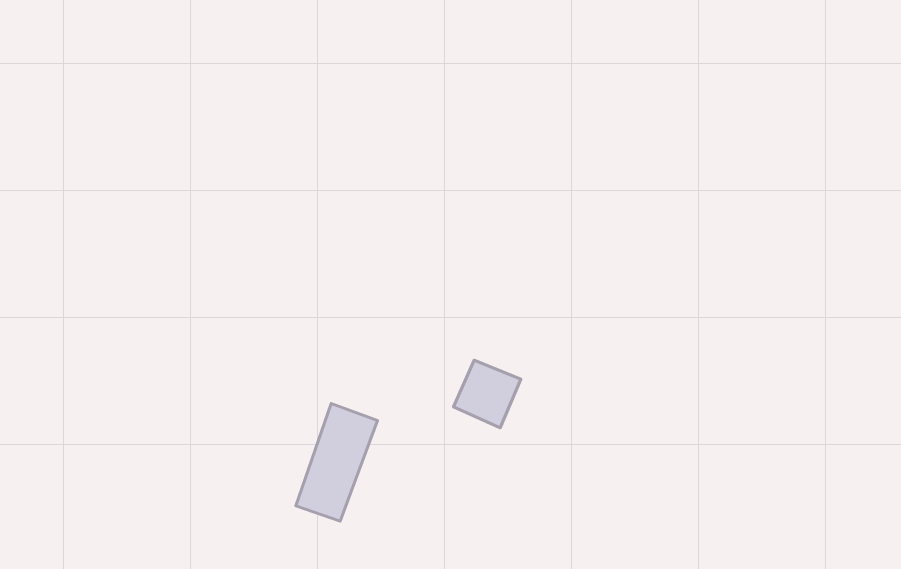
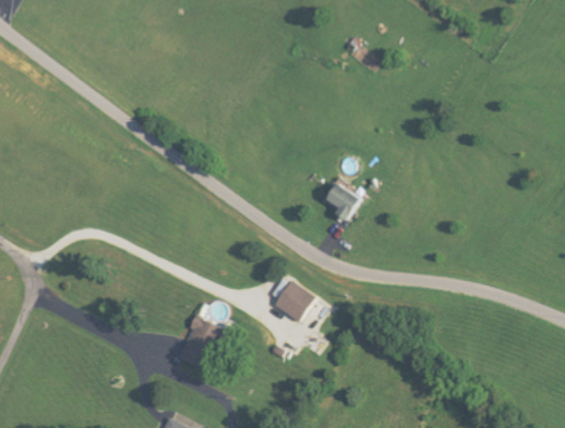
building: none -> [324,180,362,218]

